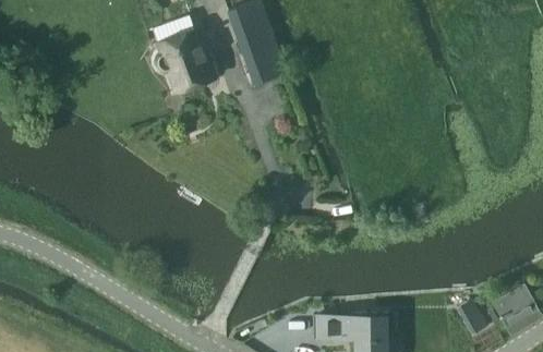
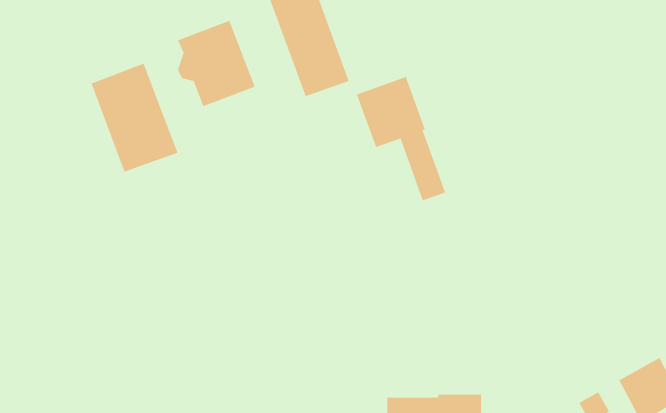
building: none -> [91,63,178,173]
building: none -> [356,76,446,201]

